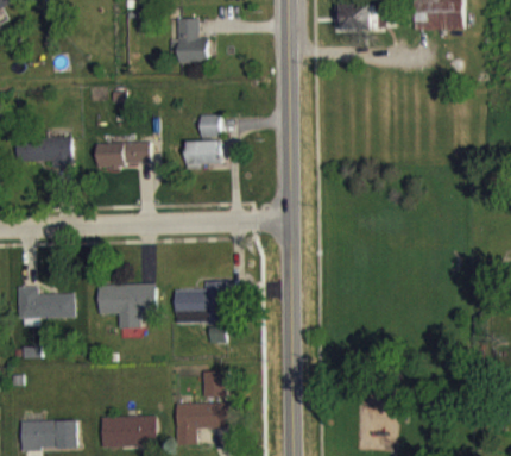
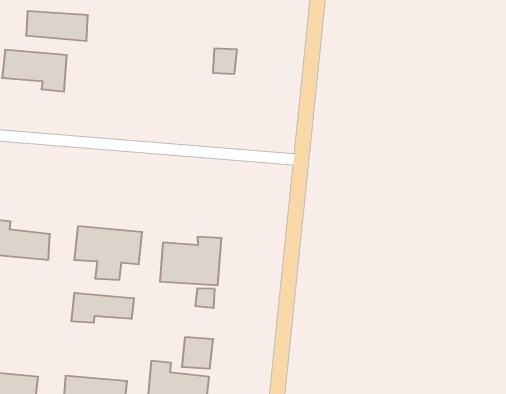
building: [185,140,222,169] -> none
building: [96,142,151,165] -> [26,11,88,41]
building: none -> [71,293,134,323]

